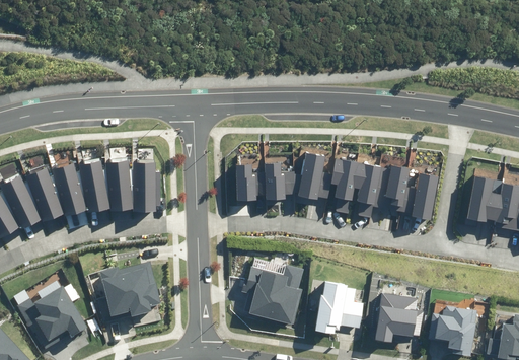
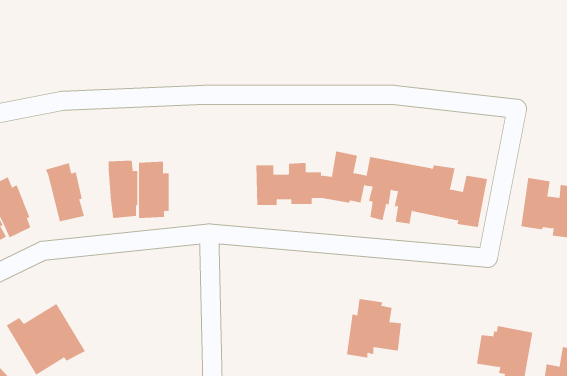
building: [78,160,109,212] -> none
building: [24,166,63,220] -> none
building: [97,261,159,320] -> none
building: [240,264,303,323] -> none
building: [373,292,423,341] -> none

